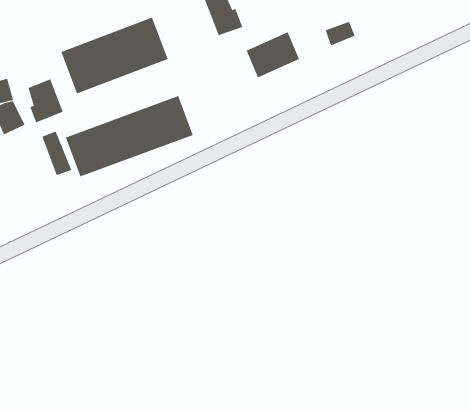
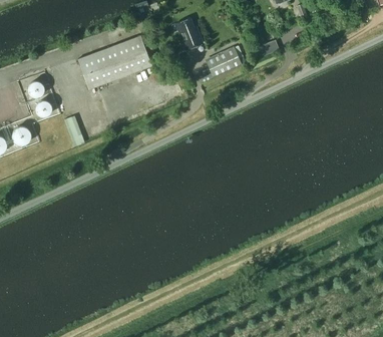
building: [28,78,63,123] -> none
building: [65,95,193,177] -> none

